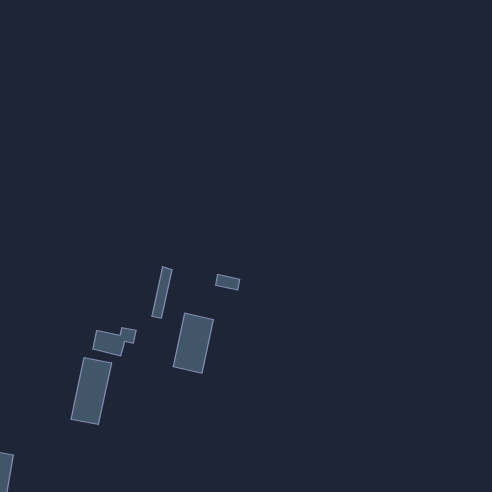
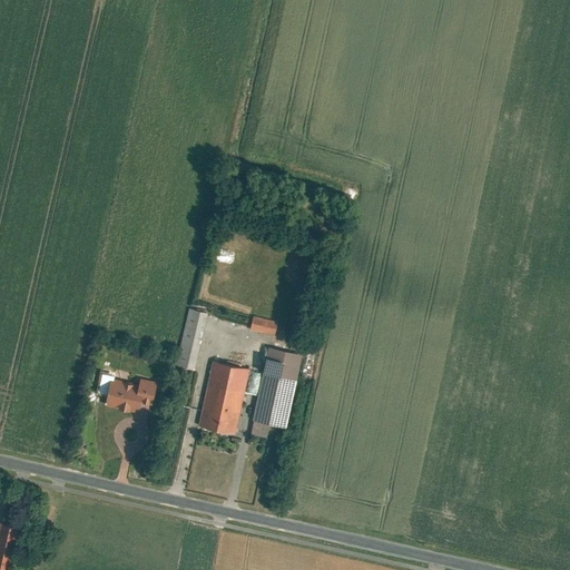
building: none -> [252,350,301,428]
building: [71,358,111,425] -> none

